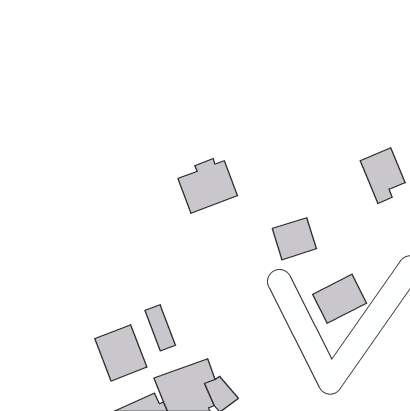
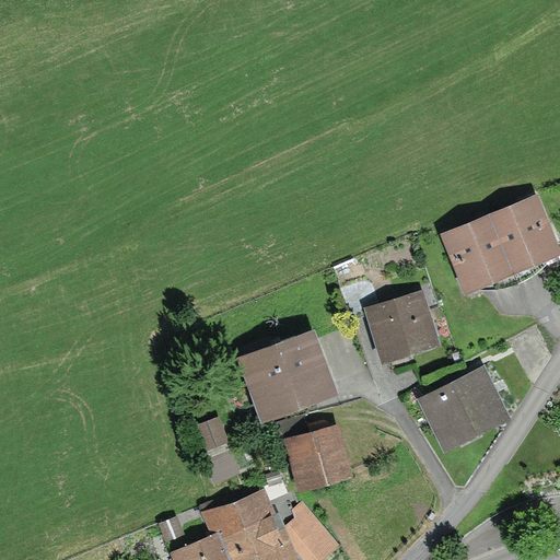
building: [178,159,238,213] -> [245,335,326,409]
building: none -> [447,219,513,285]
building: none -> [287,431,338,485]
building: [95,325,147,381] -> none

